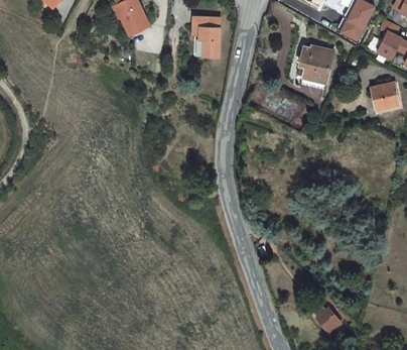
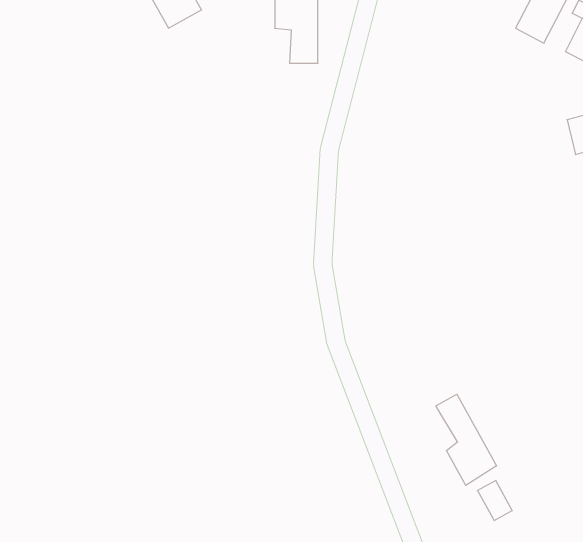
building: [297,46,332,84] -> none
building: none -> [436,394,497,485]

